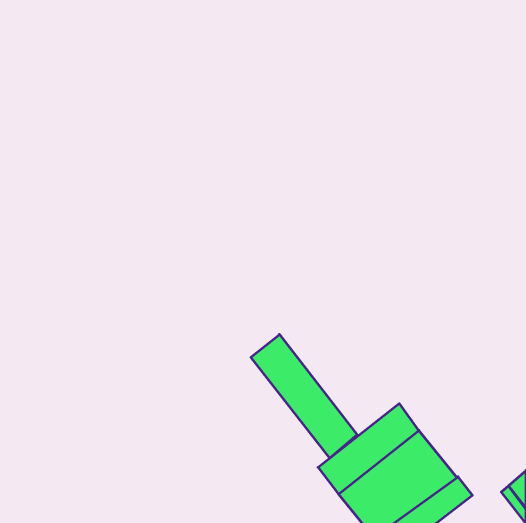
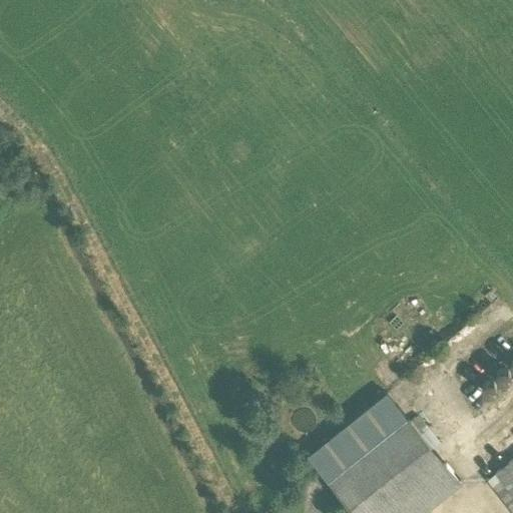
building: [251,334,357,458] -> none

